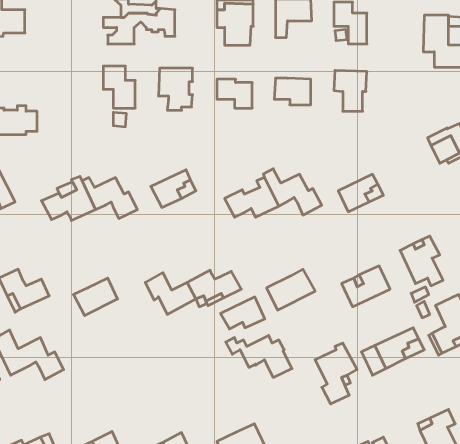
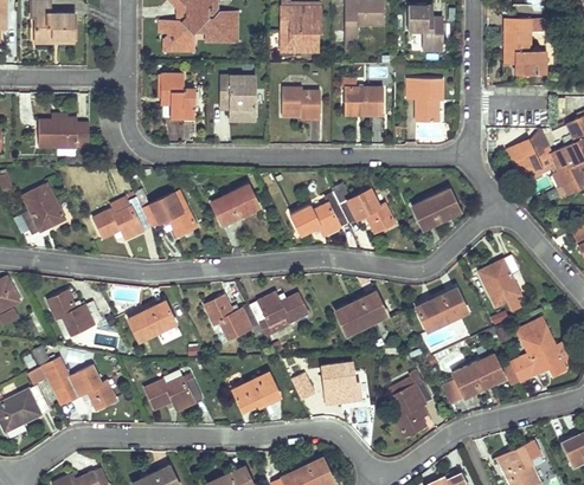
building: [221,297,265,329] -> [232,373,280,407]
building: none -> [146,374,203,410]

